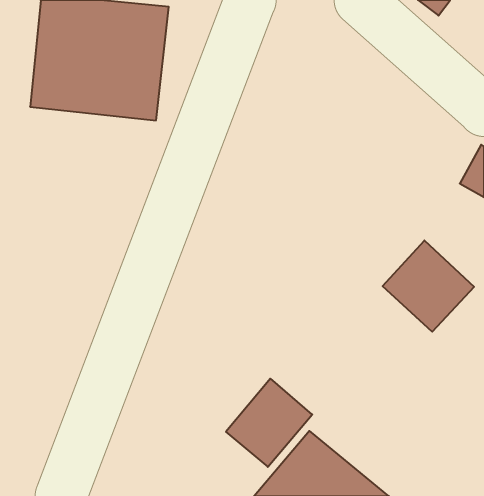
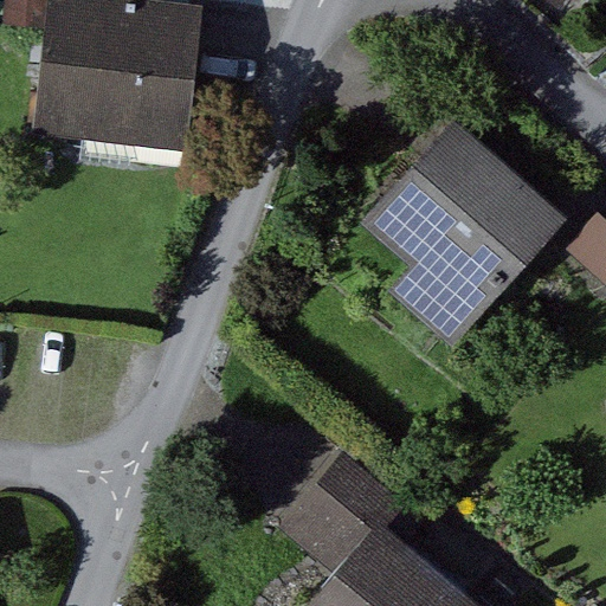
building: none -> [353,117,559,321]
building: [383,240,474,332] -> none

